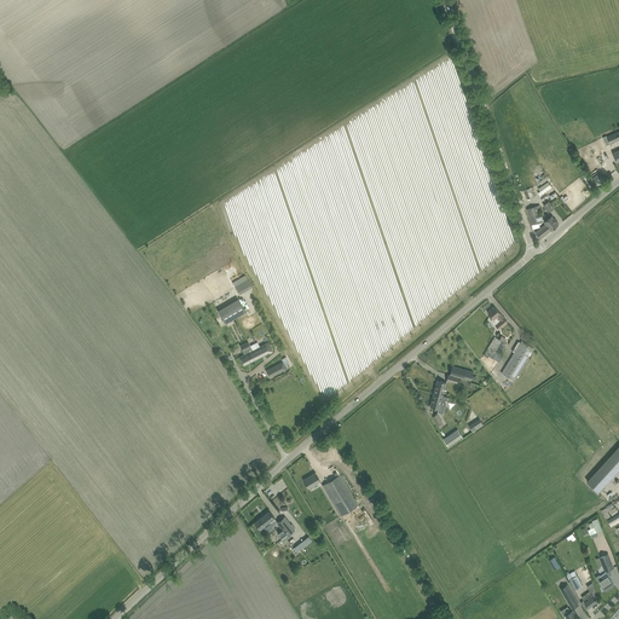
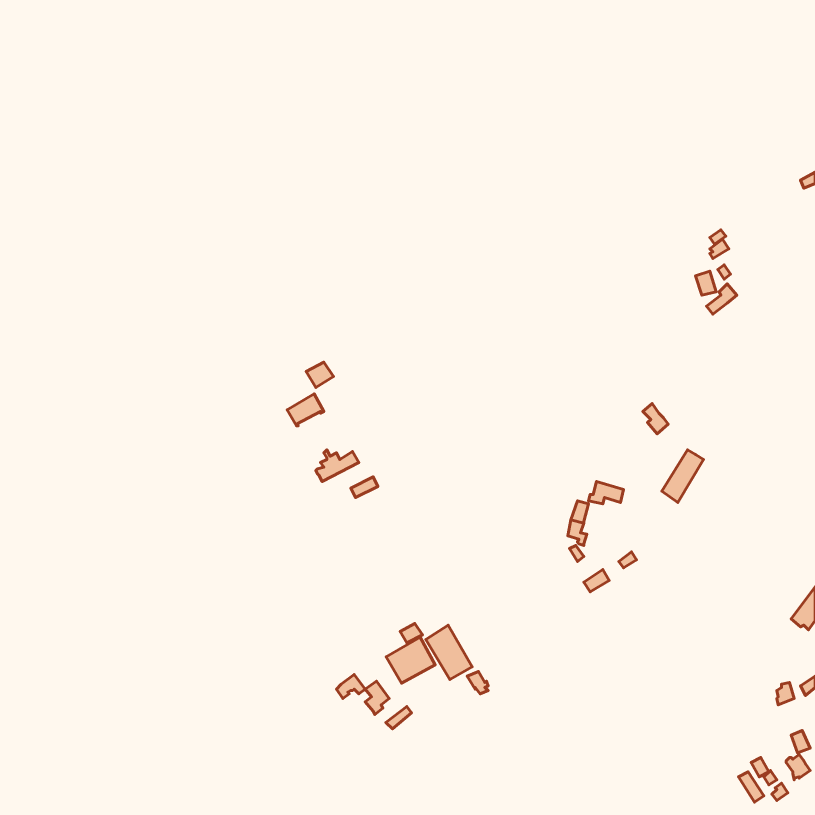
building: none -> [386,637,435,683]

